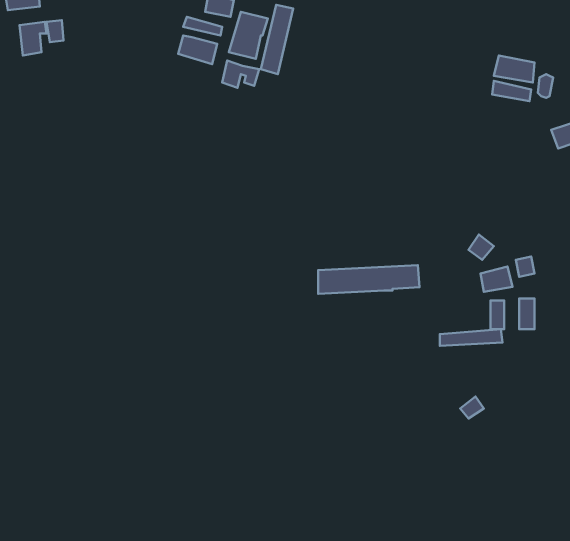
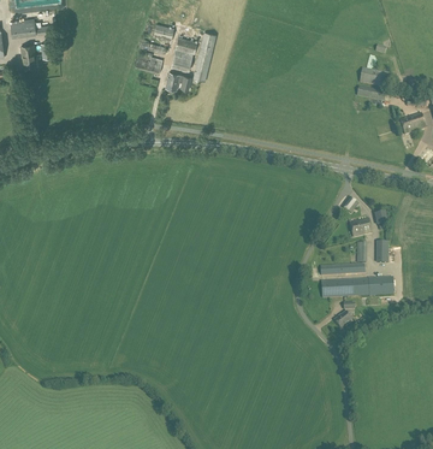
building: [318,265,420,294] -> [322,277,395,297]

